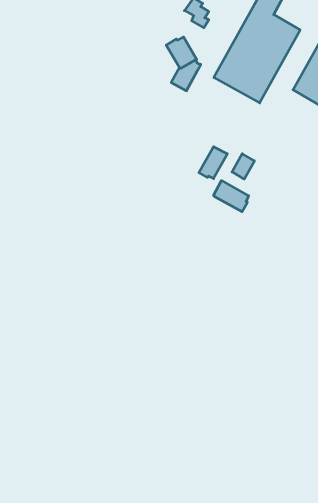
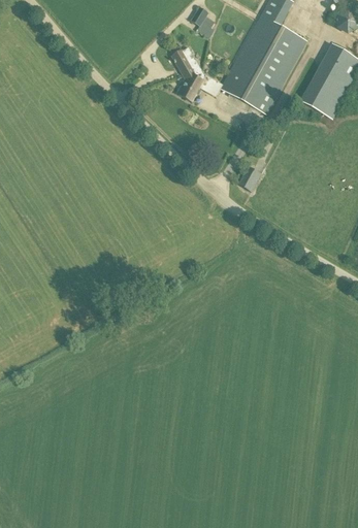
building: [199,147,227,179] -> none
building: [214,181,249,212] -> none

